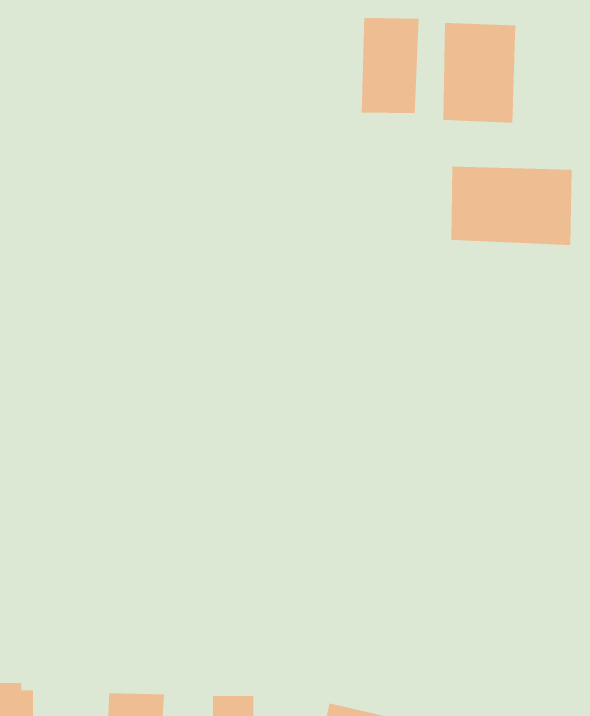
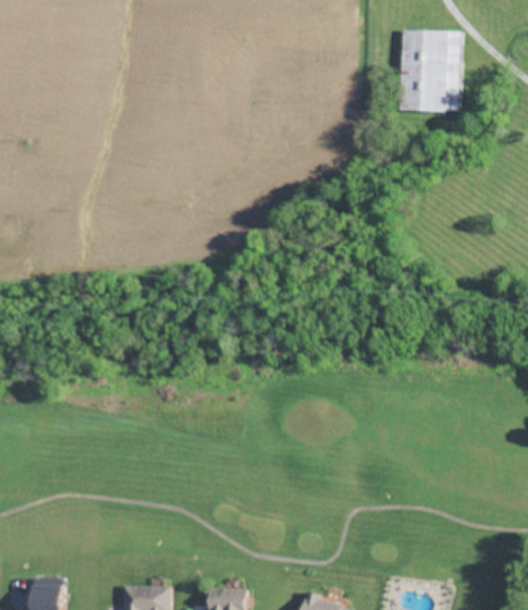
building: [361,17,419,114] -> none
building: [451,166,572,246] -> none

